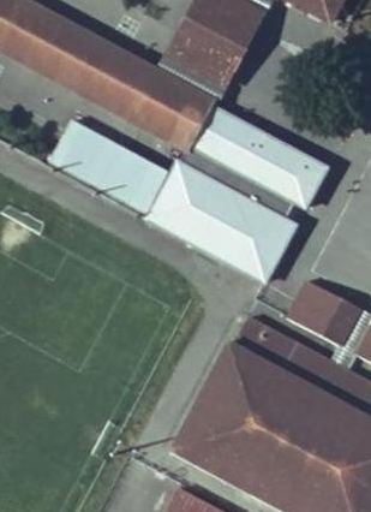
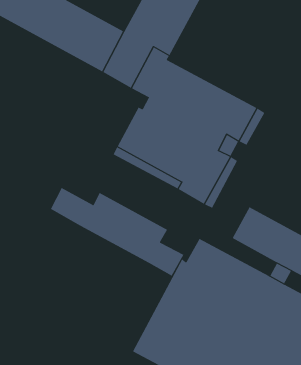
building: [48,119,167,213] -> none
building: none -> [50,187,184,276]

